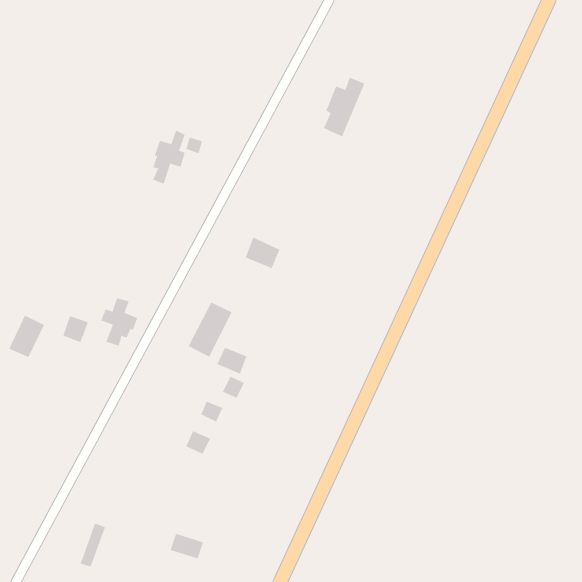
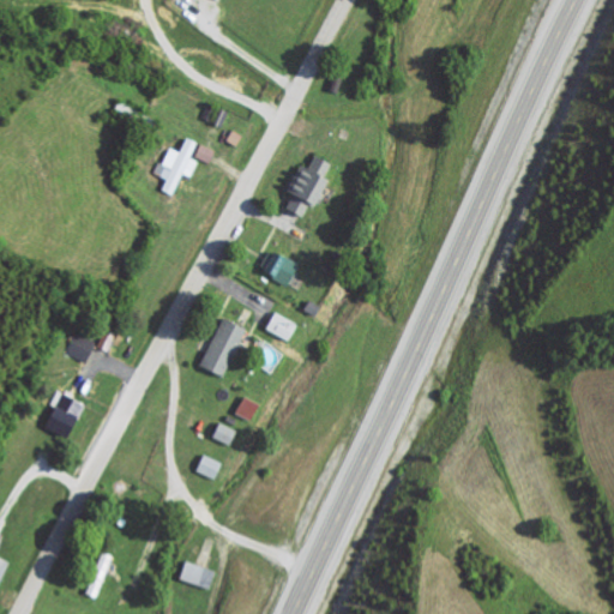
building: [323,77,365,137] -> [284,155,329,218]
building: [100,297,138,346] -> none
building: [8,315,45,358] -> [43,392,82,438]
building: [216,347,247,374] -> [264,312,296,341]

